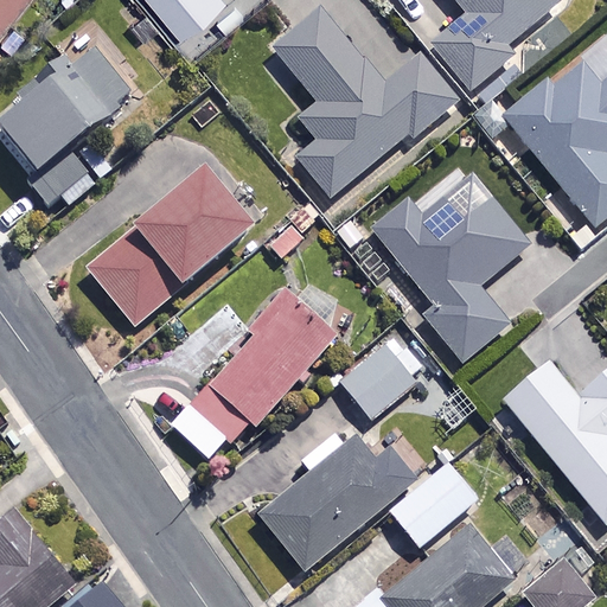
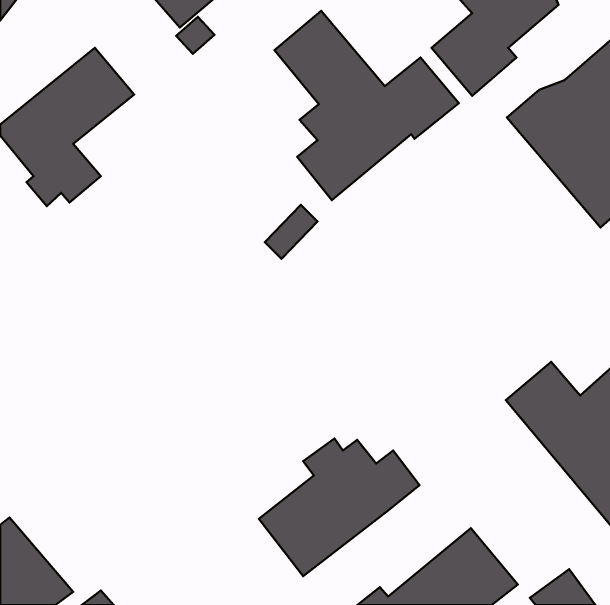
building: [87,170,249,326] -> none
building: [370,177,528,362] -> none
building: [170,292,332,459] -> none
building: [338,334,424,417] -> none
building: [386,461,477,545] -> none

